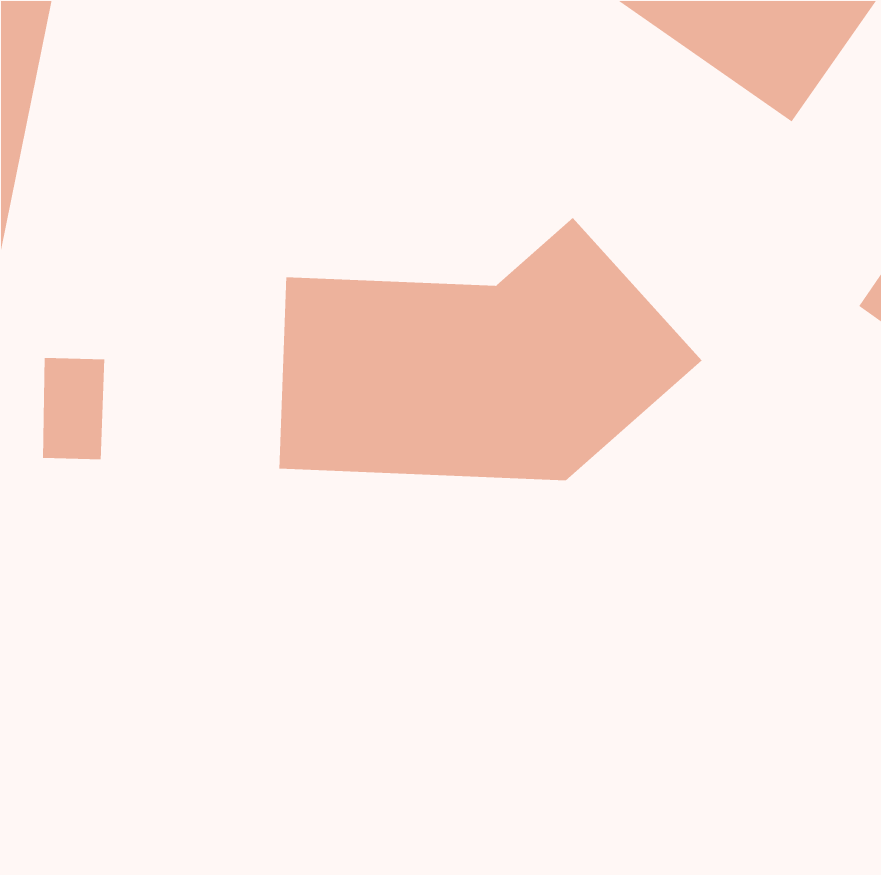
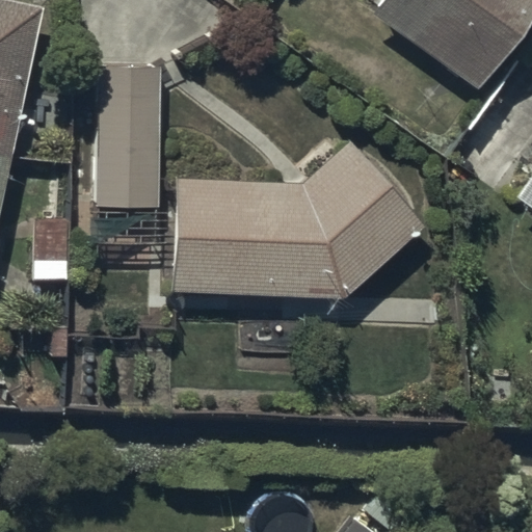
building: none -> [97,65,163,204]

